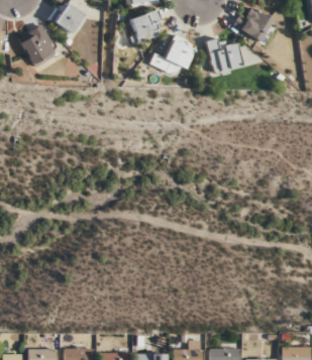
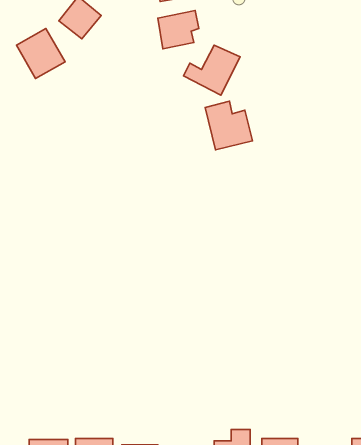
building: [233,8,273,41] -> none
building: [206,35,243,74] -> [205,101,253,150]

